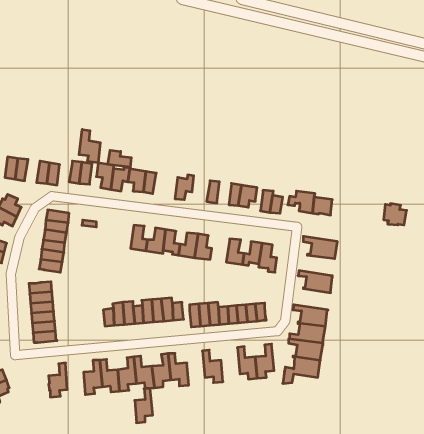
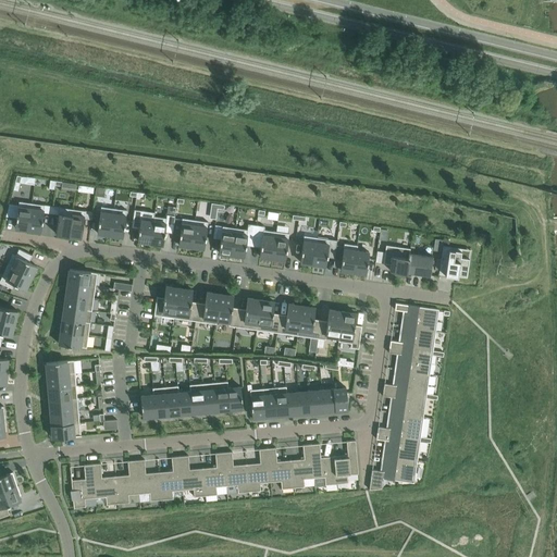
building: [79,129,100,163] -> none
building: [108,150,131,167] -> none
building: none -> [212,226,234,256]
building: none -> [252,226,275,259]
building: [384,204,407,225] -> [438,250,468,277]
building: none -> [153,287,178,319]
building: none -> [275,305,300,336]
building: none -> [388,327,434,354]
building: none -> [382,370,429,397]
building: none -> [289,445,313,488]
building: none -> [91,465,116,506]
building: [135,389,153,423] -> [246,449,269,493]

